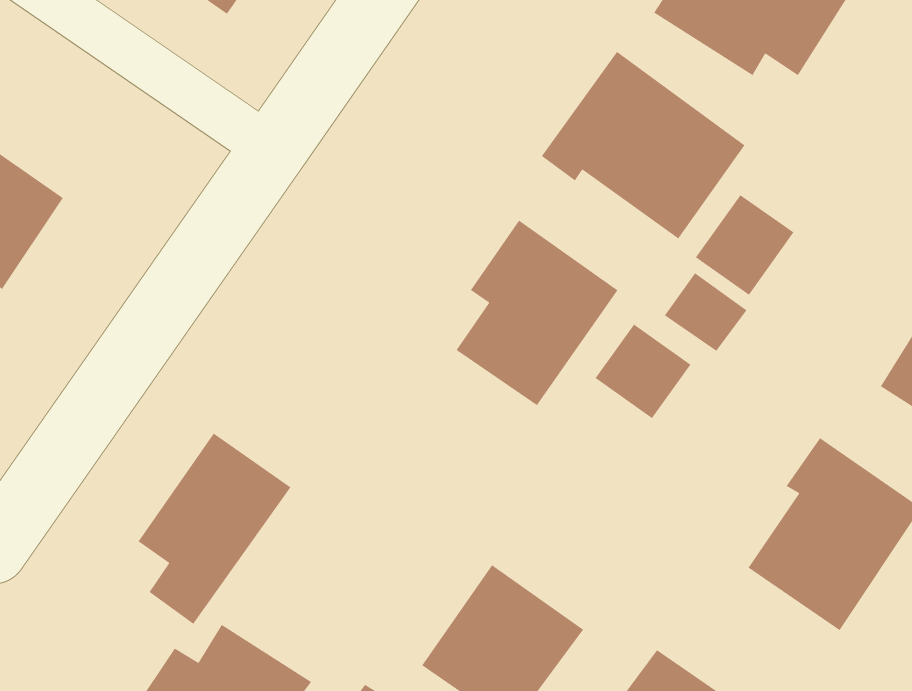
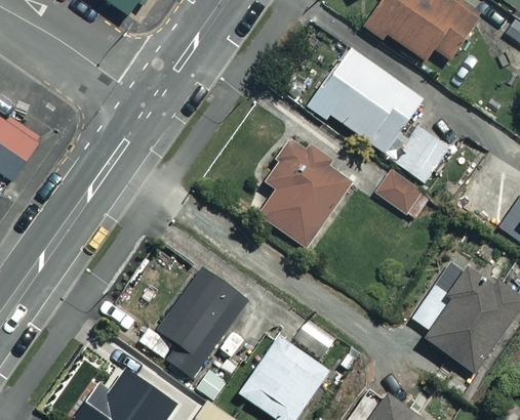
building: [594,323,692,419] -> none
building: [137,433,292,625] -> [160,268,247,377]

